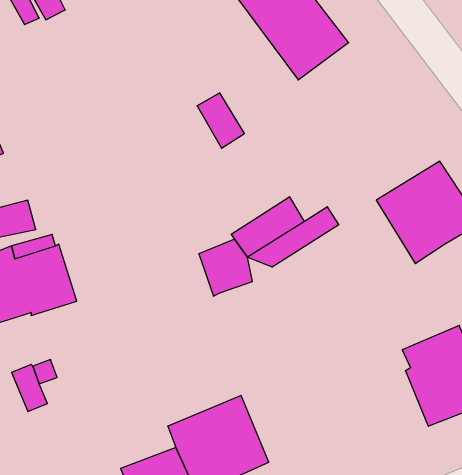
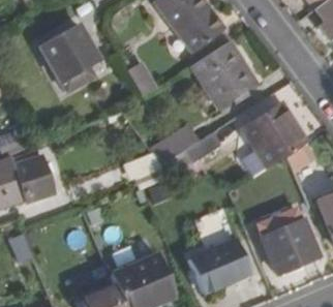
building: none -> [41,24,100,84]
building: none -> [192,41,258,109]
building: none -> [188,239,251,295]

